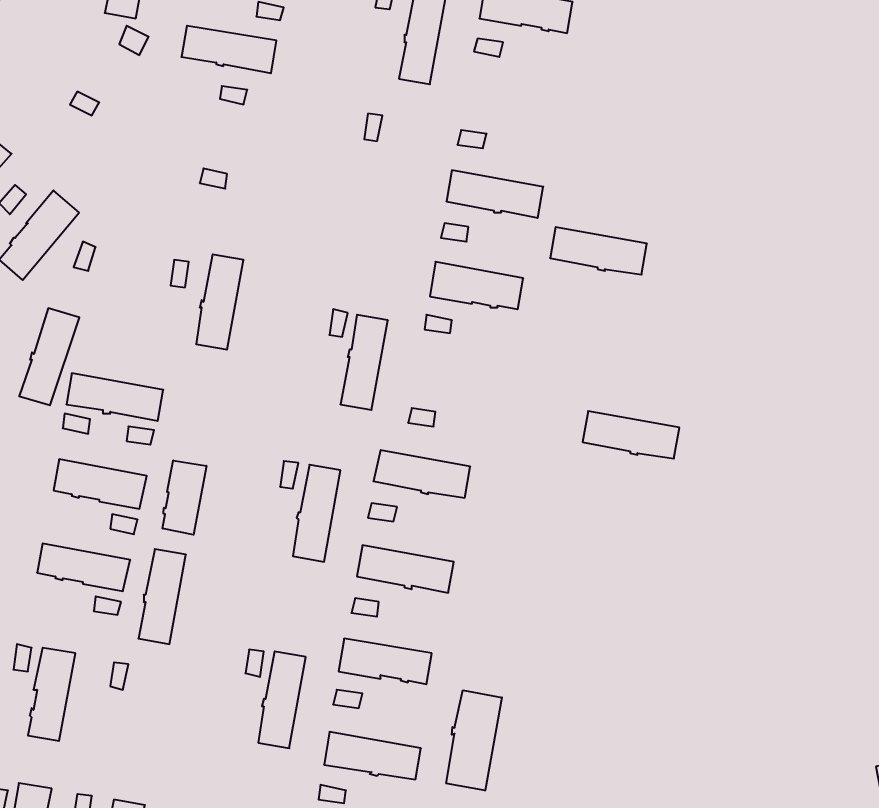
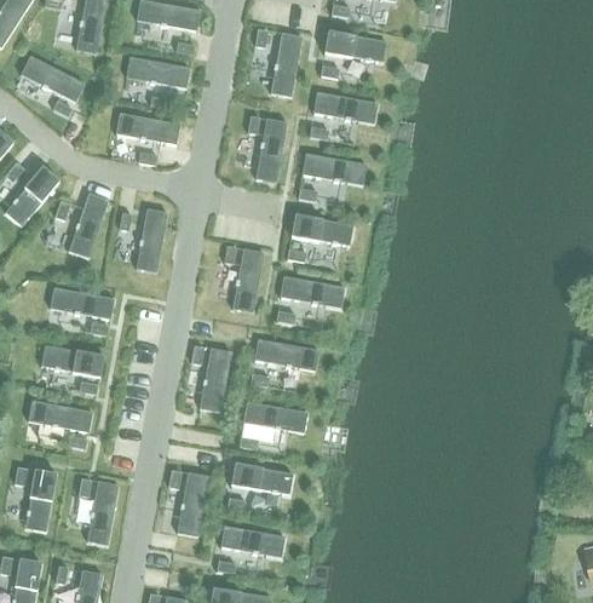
building: none -> [21,56,84,102]
building: none -> [115,113,179,144]
building: none -> [255,117,286,182]
building: [550,227,647,275] -> [312,91,376,122]
building: [19,308,79,405] -> [68,193,108,257]
building: [583,411,679,459] -> [280,275,344,306]
building: [163,460,206,535] -> none
building: [138,549,186,644] -> [86,481,117,544]
building: [446,690,502,791] -> none

